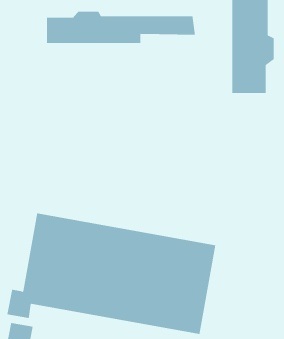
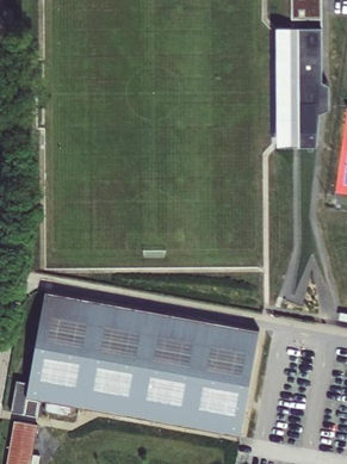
building: [46,11,196,44] -> none

